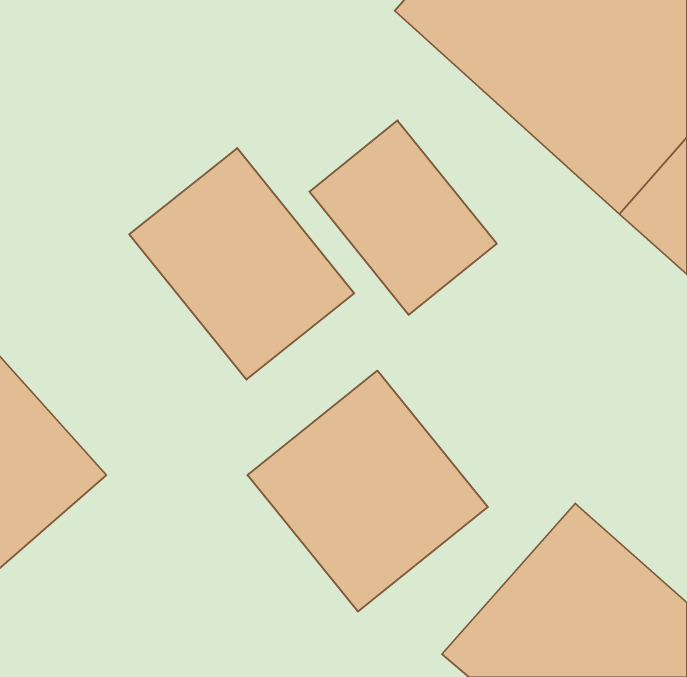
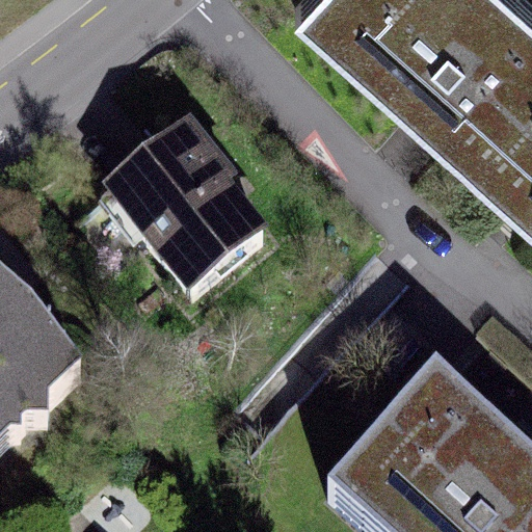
building: [309,120,497,315] -> none
building: [247,371,488,612] -> none

